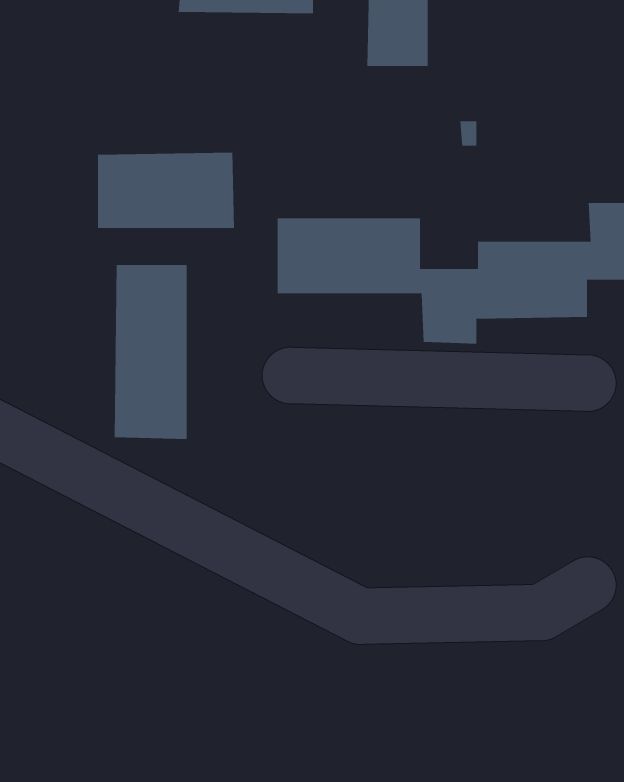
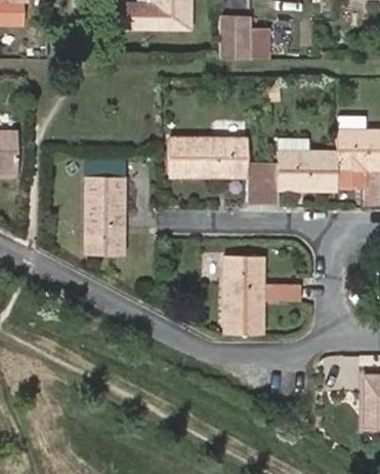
building: [98,152,235,229] -> none
building: none -> [223,256,300,333]

